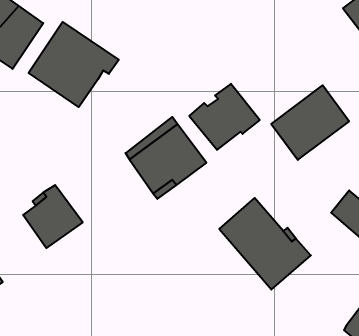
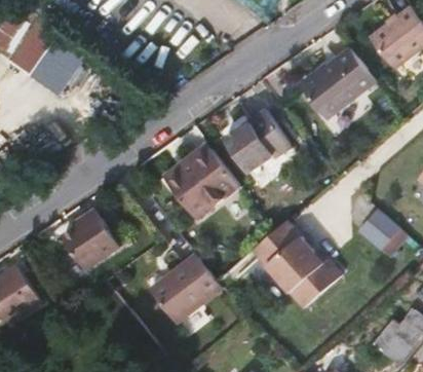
building: [29,22,119,107] -> none
building: [271,85,349,160] -> [300,46,375,118]
building: none -> [150,254,222,324]

